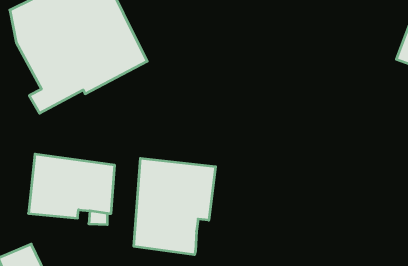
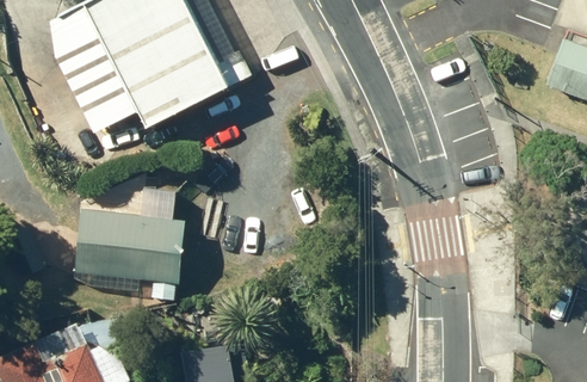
building: [134,158,216,255] -> none

